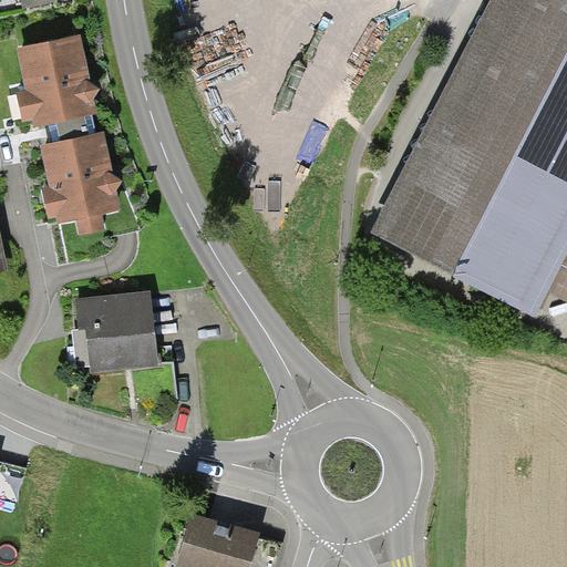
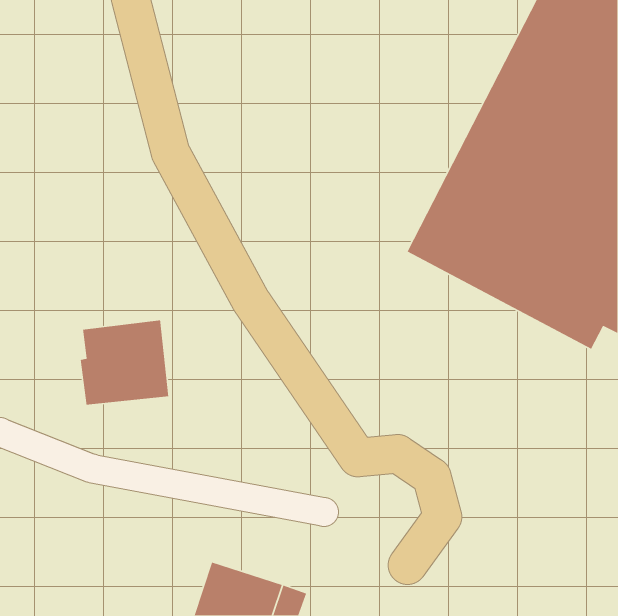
building: [17,35,100,128] -> none
building: [42,132,123,234] -> none

